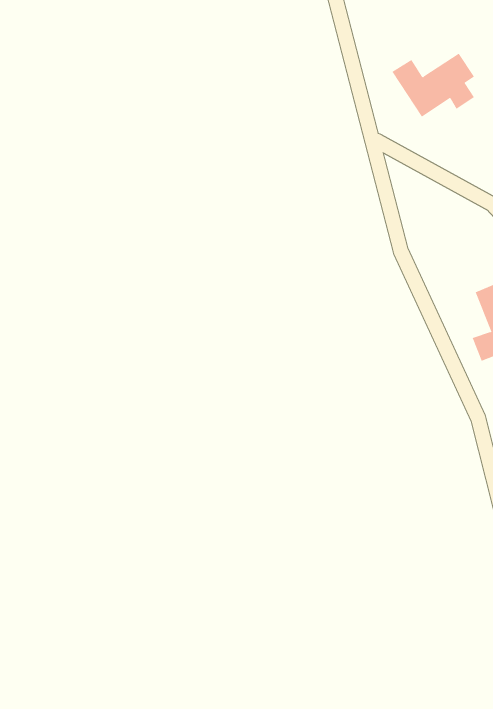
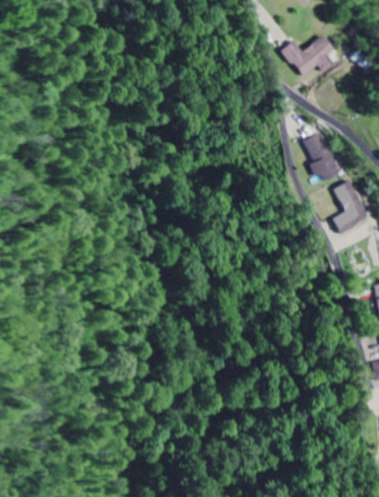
building: none -> [302,132,337,182]

